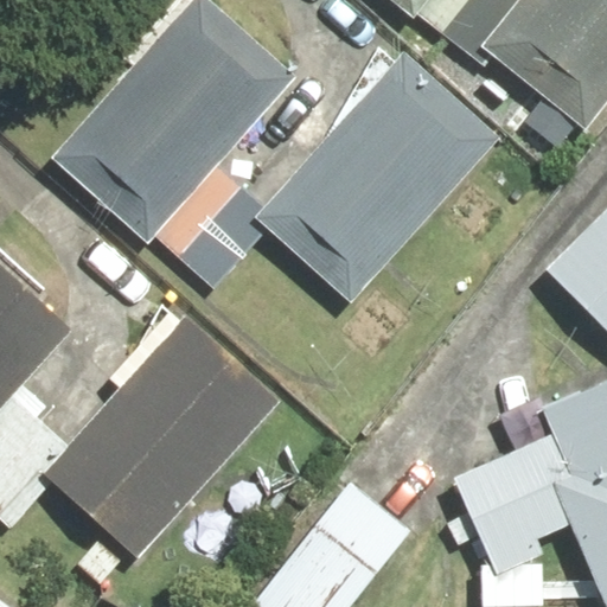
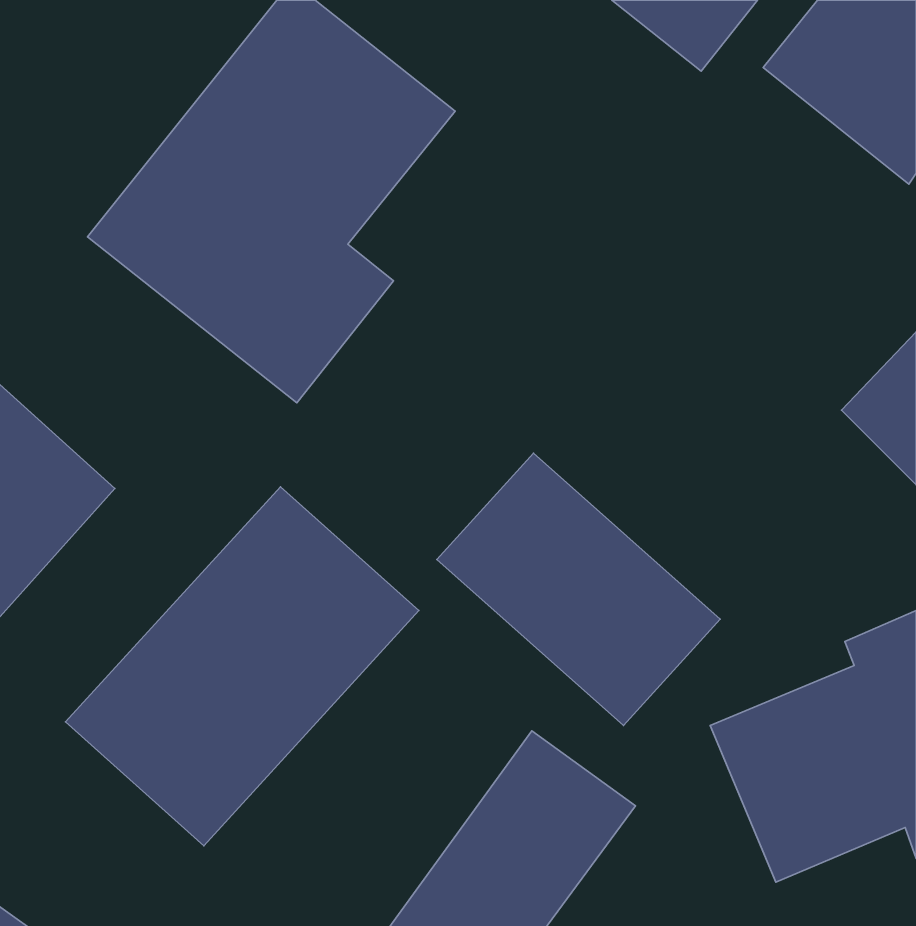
building: [261,53,497,296] -> none
building: none -> [437,453,720,726]

